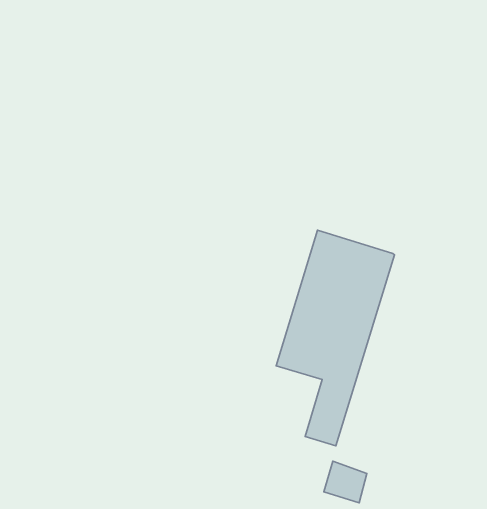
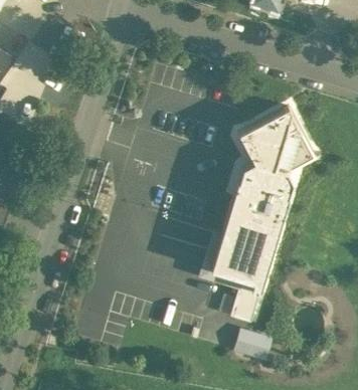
building: none -> [234,106,311,195]

